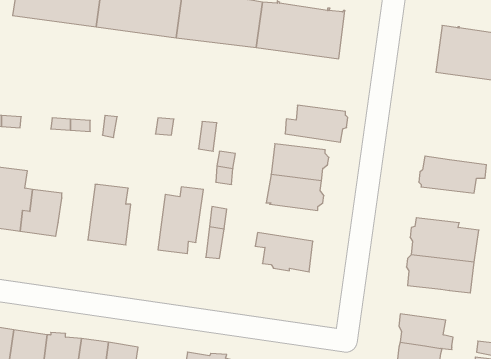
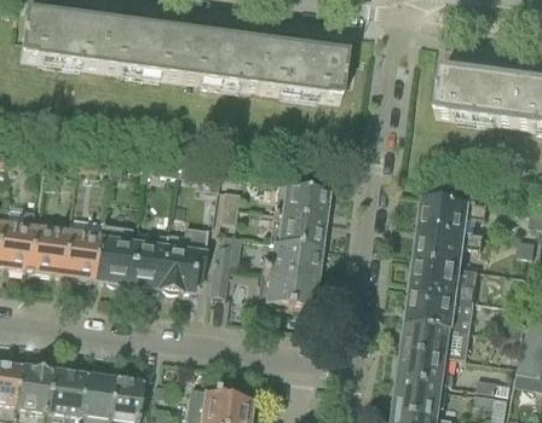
building: [285,105,348,142] -> [261,241,323,277]
building: none -> [63,214,103,276]
building: none -> [415,224,483,259]
building: none -> [132,230,171,285]
building: none -> [402,320,471,357]

